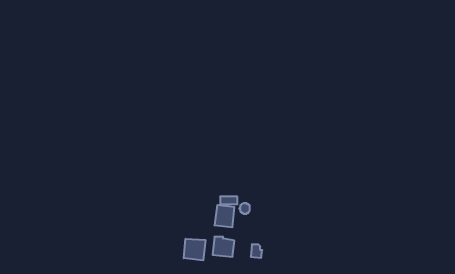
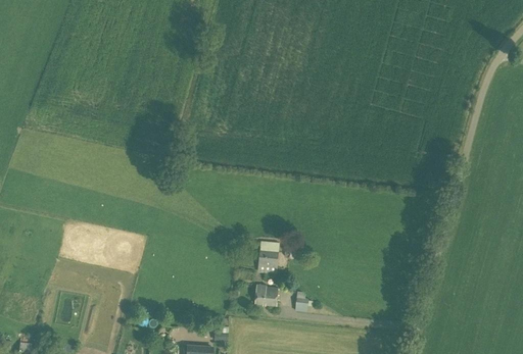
building: [184,239,205,260] -> none

